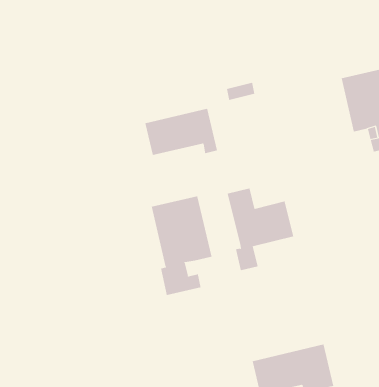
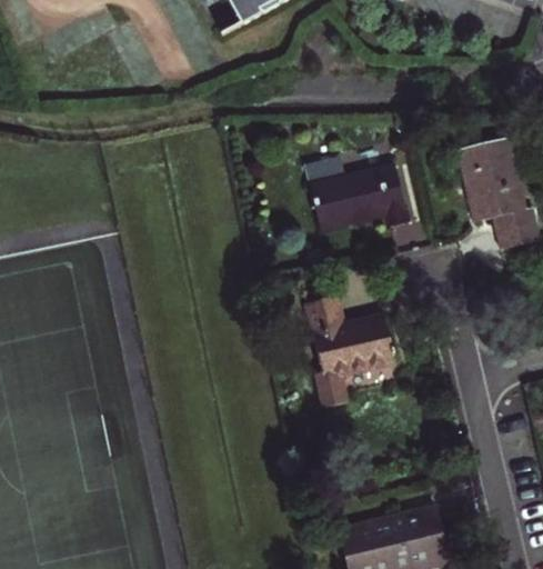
building: [145,108,218,156] -> [311,166,409,229]
building: [151,195,212,296] -> none

